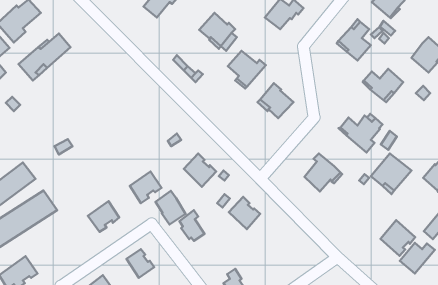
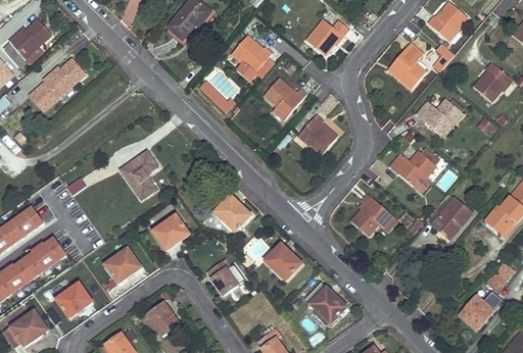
building: none -> [120,150,157,200]
building: [156,191,186,224] -> none
building: [380,220,415,256] -> none
building: none -> [55,283,92,317]
building: none -> [310,287,347,323]

